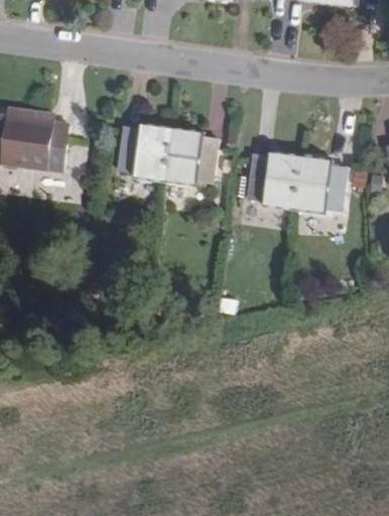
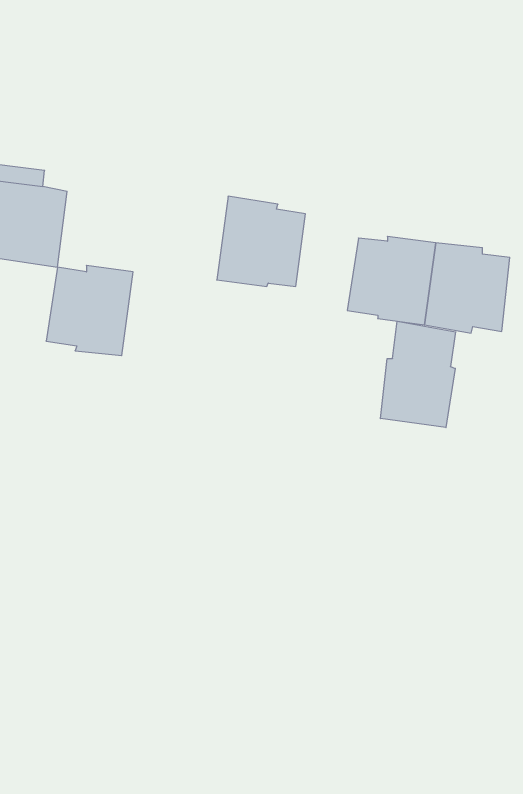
building: [118,124,172,180] -> [46,265,133,356]
building: none -> [380,321,456,428]

